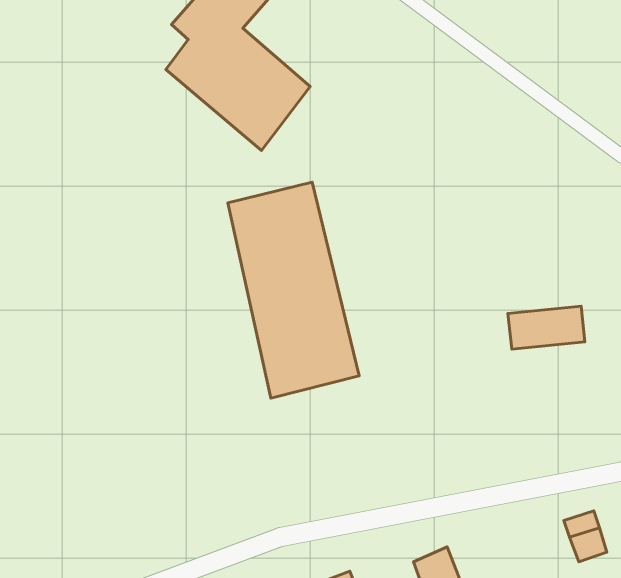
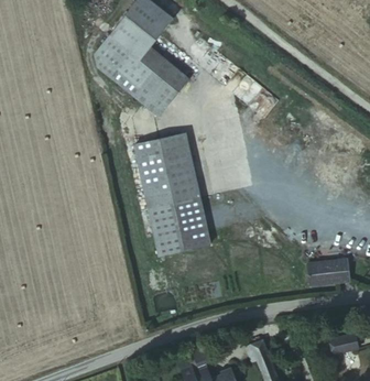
building: [508,306,585,349] -> [312,263,357,289]

